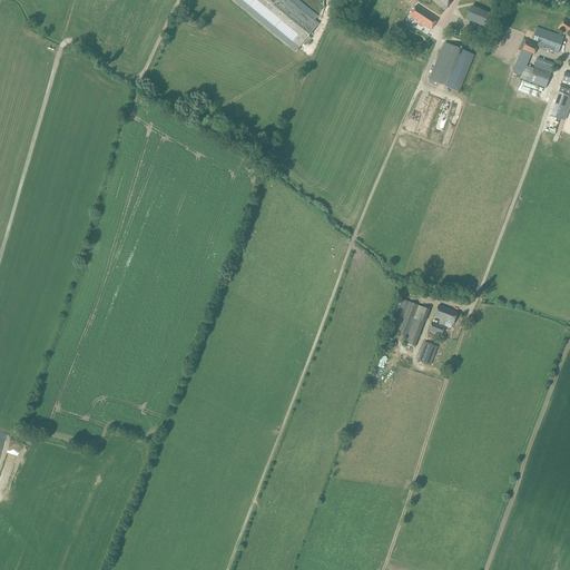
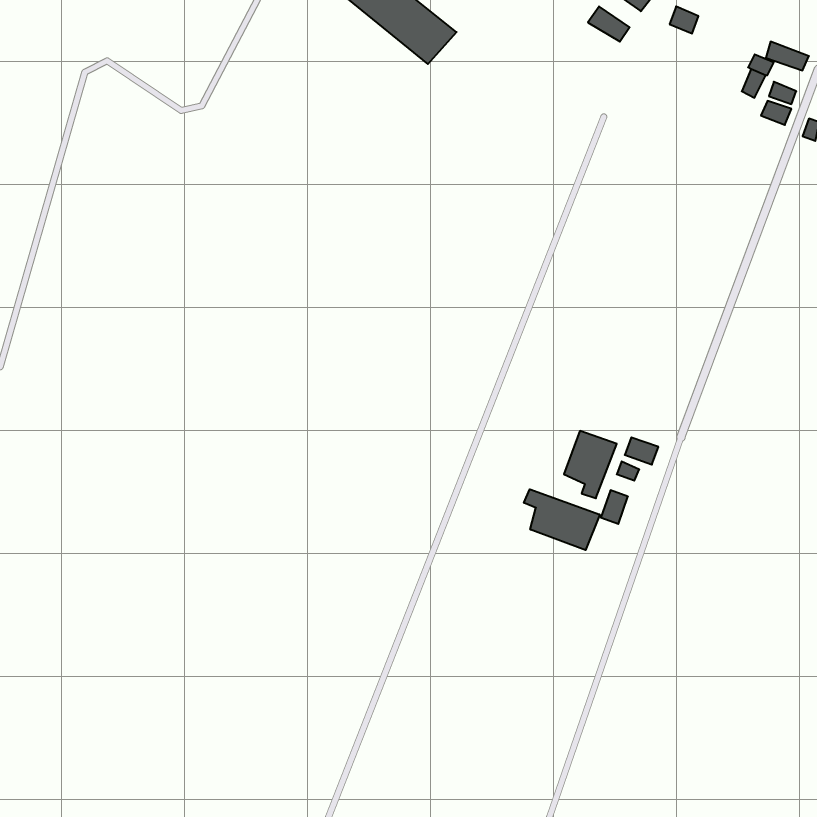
building: [430,42,474,92] -> none
building: none -> [524,489,600,550]

